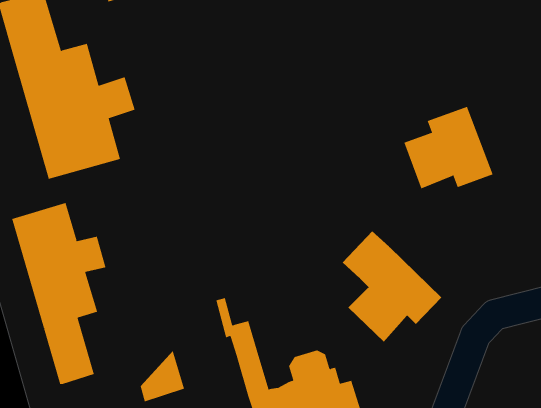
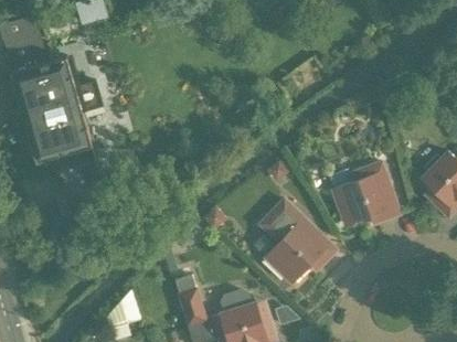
building: [403,106,494,189] -> [332,163,401,226]
building: [12,202,106,385] -> none

